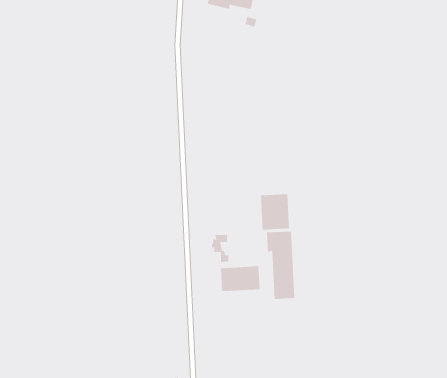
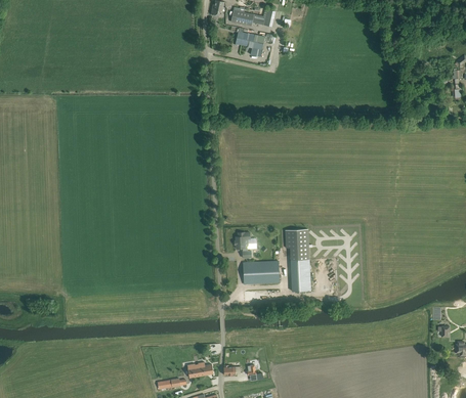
building: none -> [236,28,264,59]
building: [260,193,289,230] -> none

